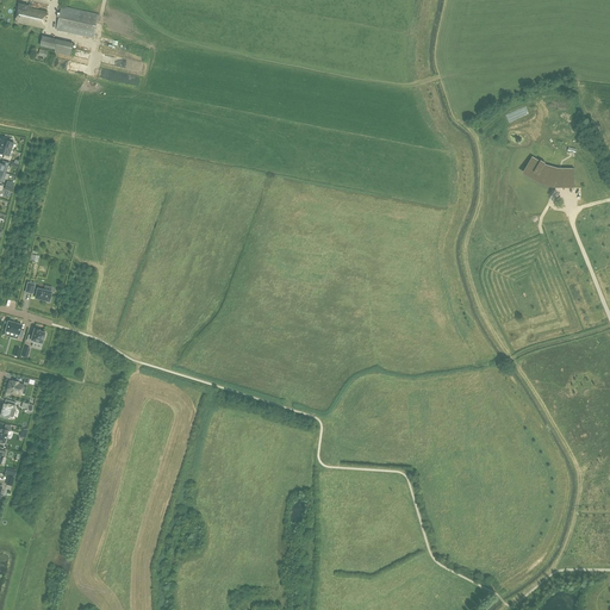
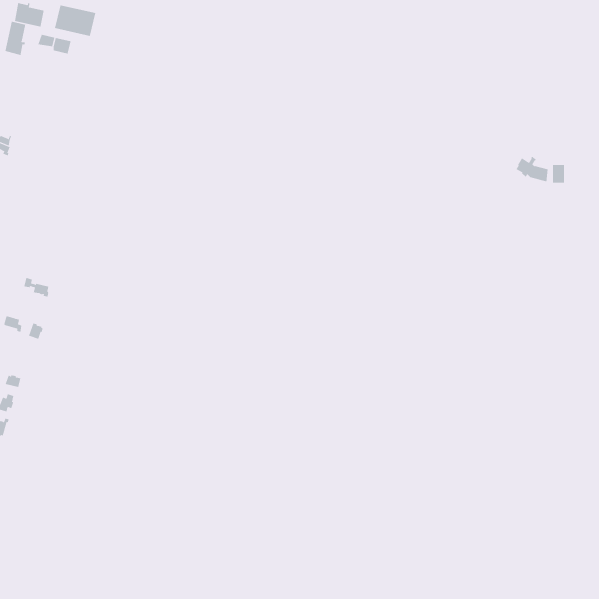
building: none -> [5,21,26,56]

